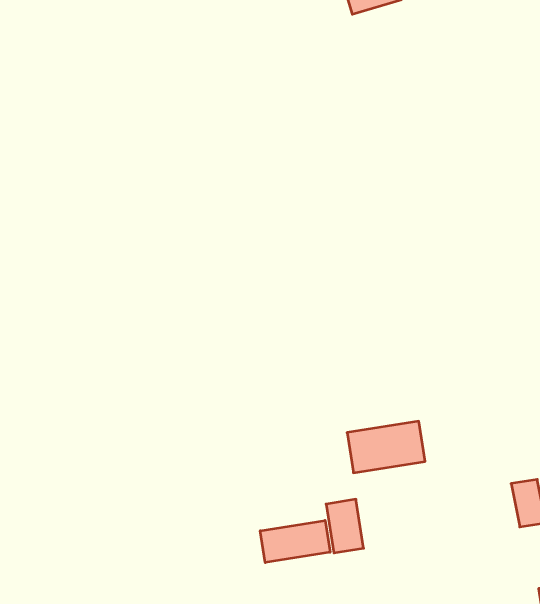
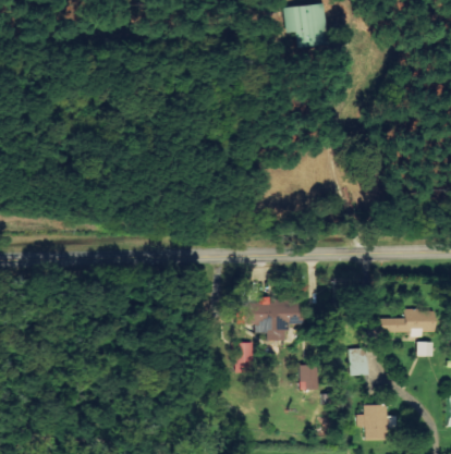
building: none -> [300,366,318,390]
building: [260,520,330,563] -> none

